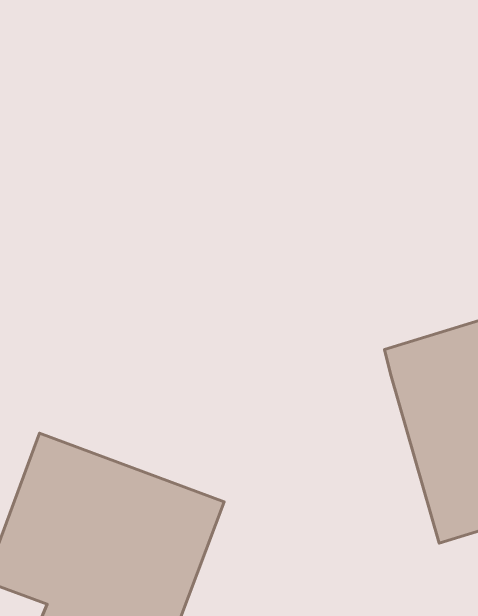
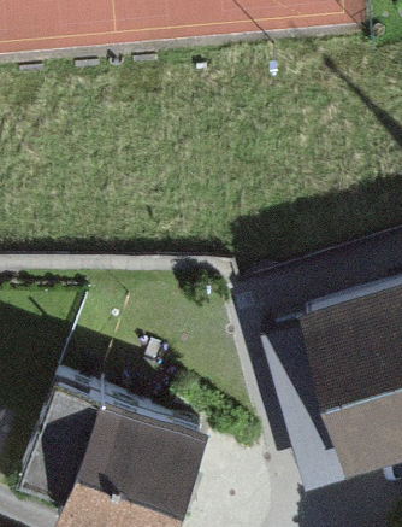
building: none -> [282,328,372,492]

